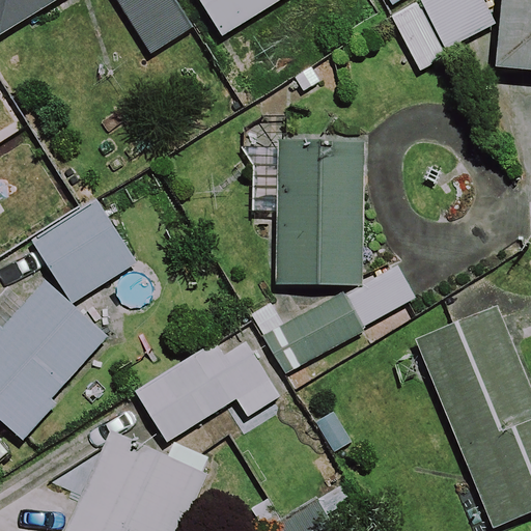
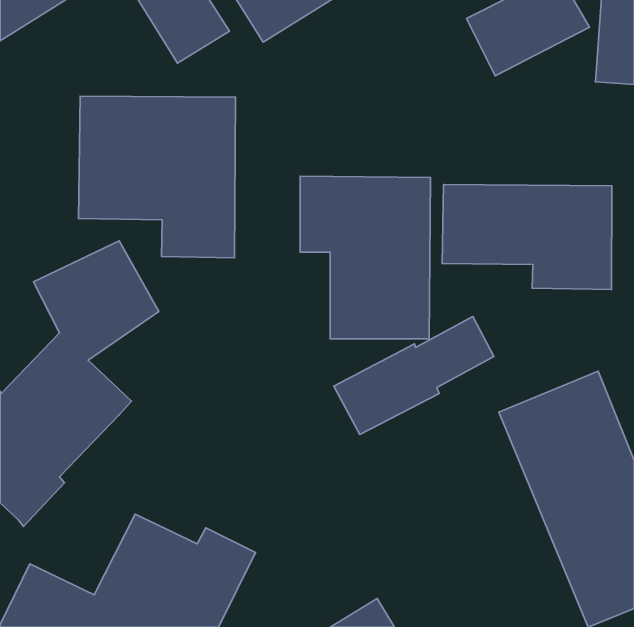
building: none -> [78,96,235,258]
building: none -> [442,184,612,289]
building: [133,334,276,441] -> none

